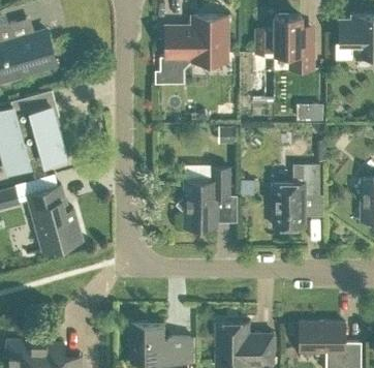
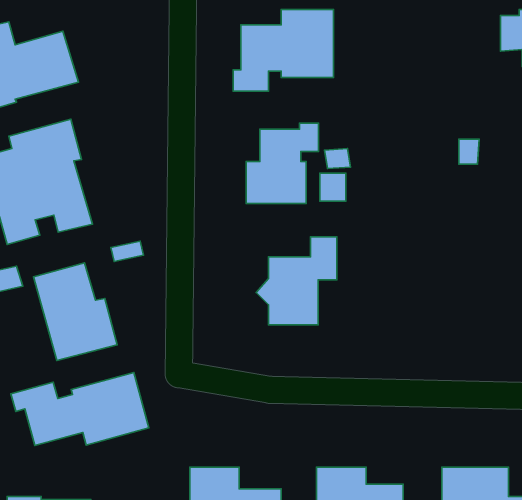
building: [256,17,313,69] -> none
building: none -> [246,123,319,204]
building: [273,165,319,227] -> none
building: none -> [11,372,149,446]

